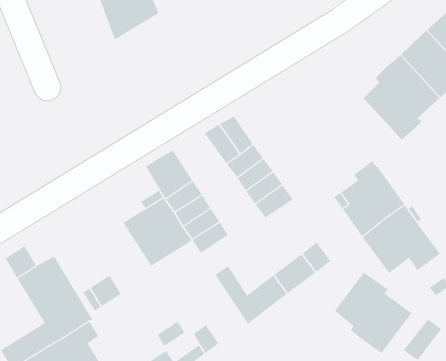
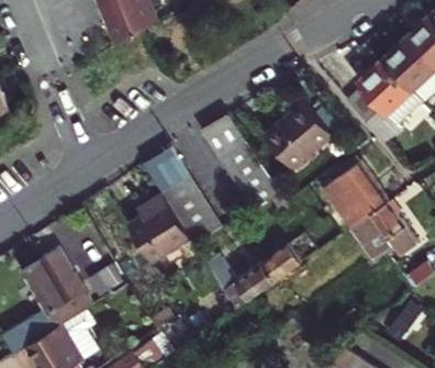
building: none -> [266,107,331,169]
building: [334,271,412,354] -> none

